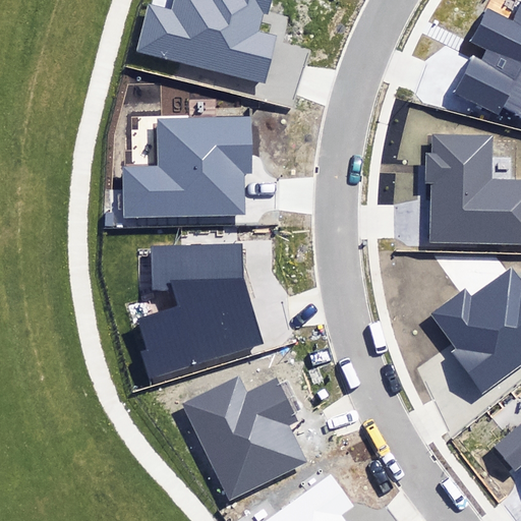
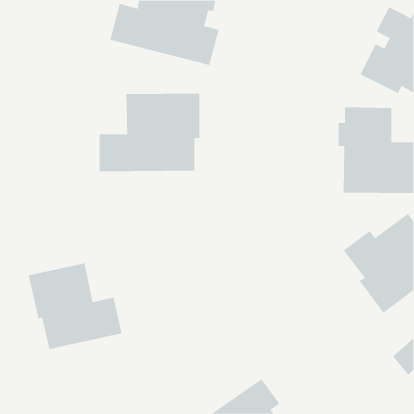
building: [137,243,263,381] -> none
building: none -> [28,263,122,350]
building: [183,378,307,500] -> none

